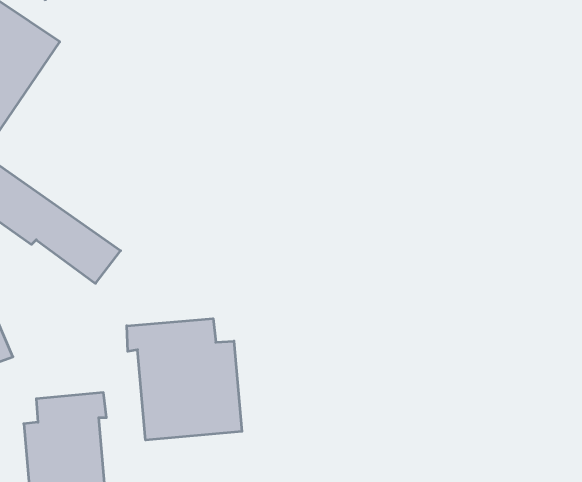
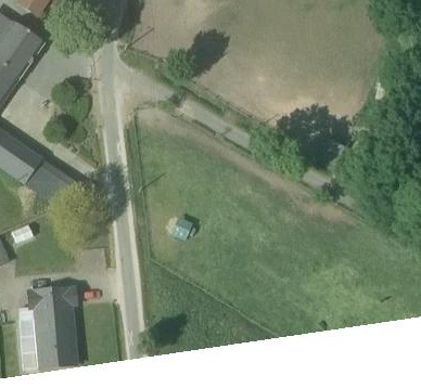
building: [127,319,242,440] -> none

